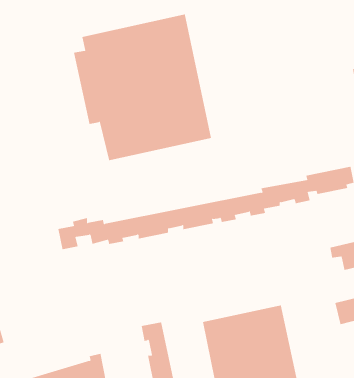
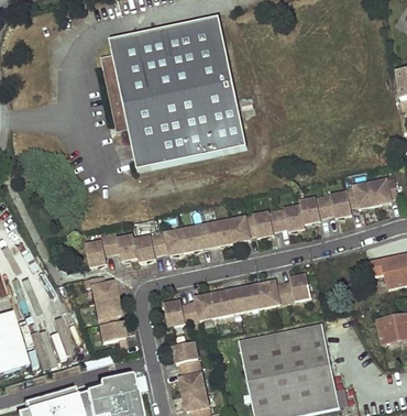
building: none -> [164,273,311,326]
building: none -> [84,274,125,346]

